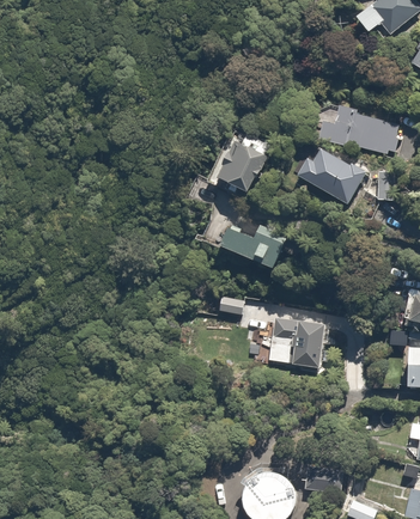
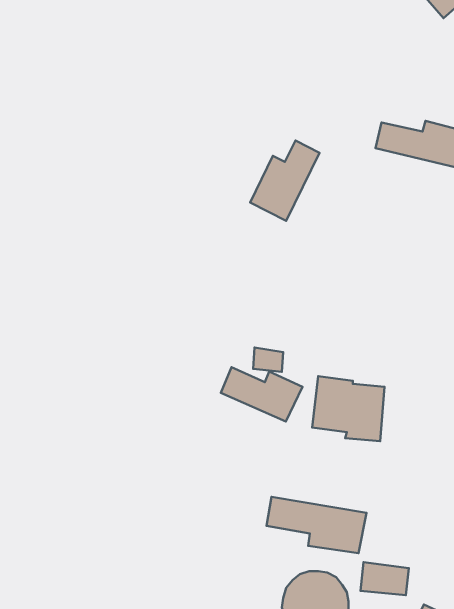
building: [297,144,367,203] -> none
building: [220,227,285,270] -> [221,367,302,421]
building: none -> [267,497,366,553]

